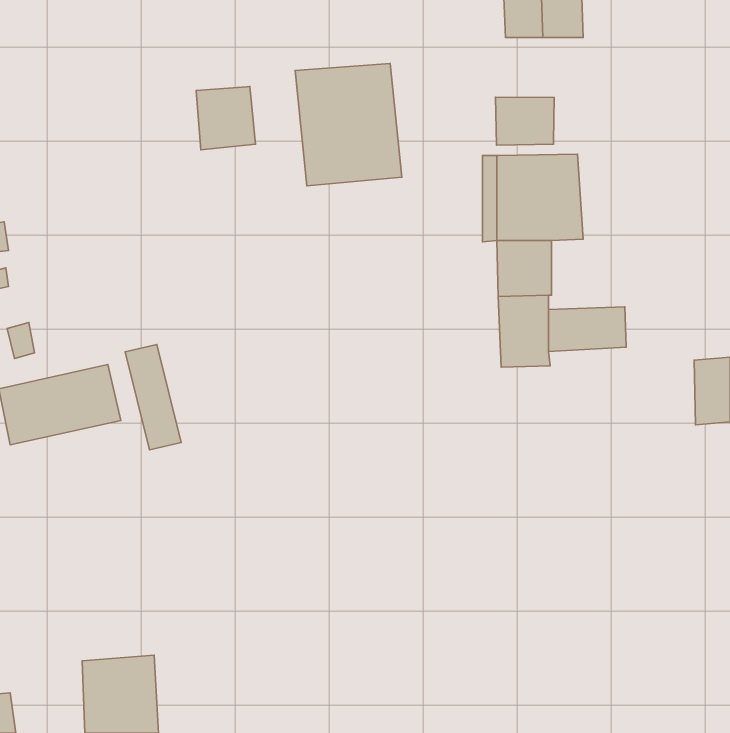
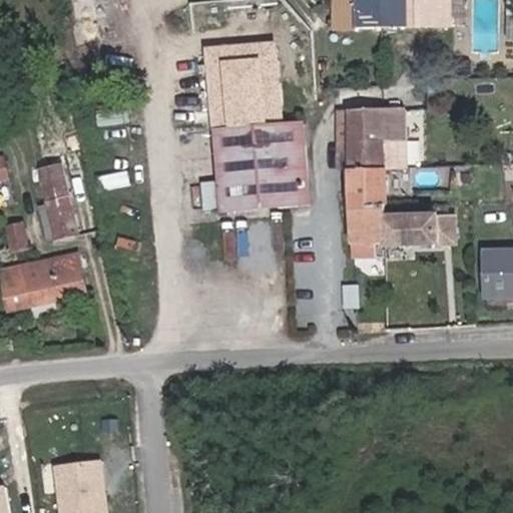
building: [196,87,256,150] -> none
building: [496,97,554,145] -> none
building: none -> [213,121,307,209]
building: [125,345,181,450] -> [37,164,76,237]

